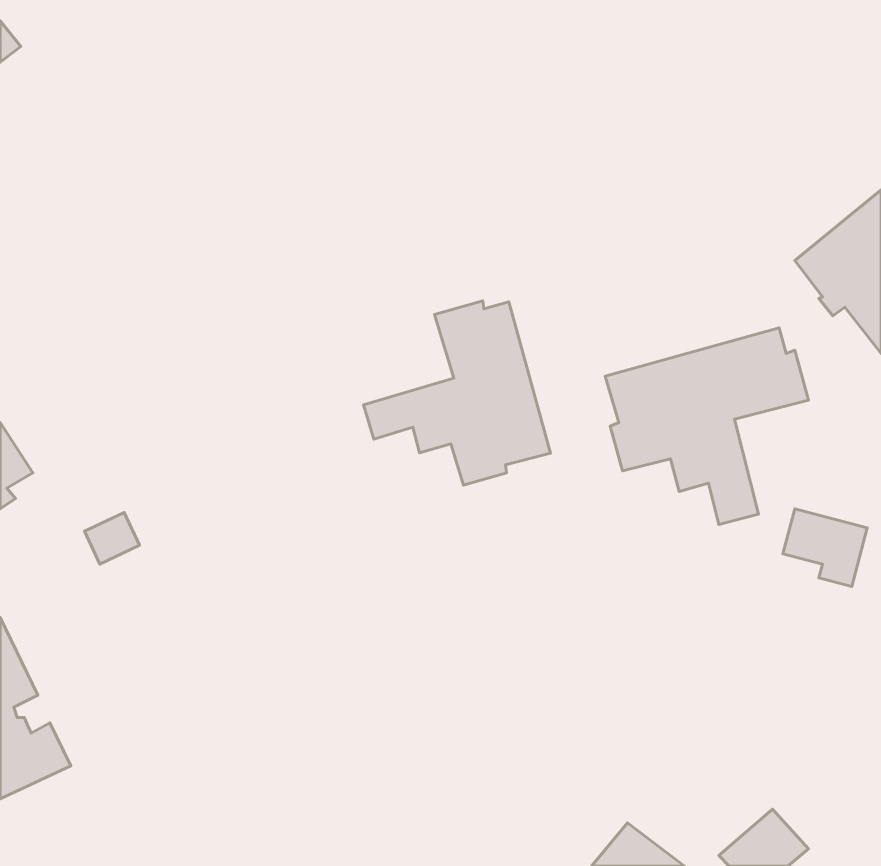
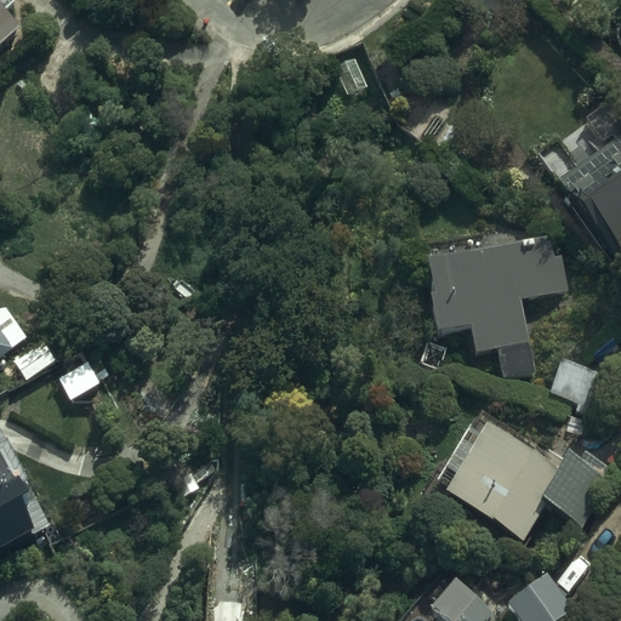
building: [364,301,551,485] -> none
building: none -> [421,425,608,543]

